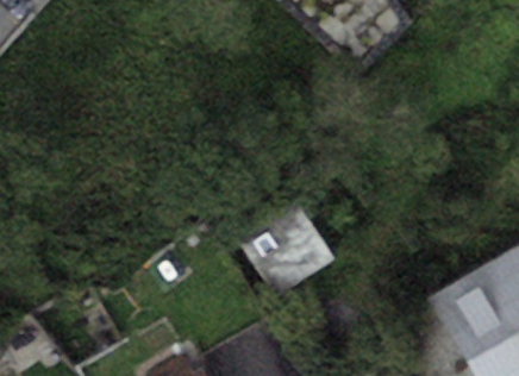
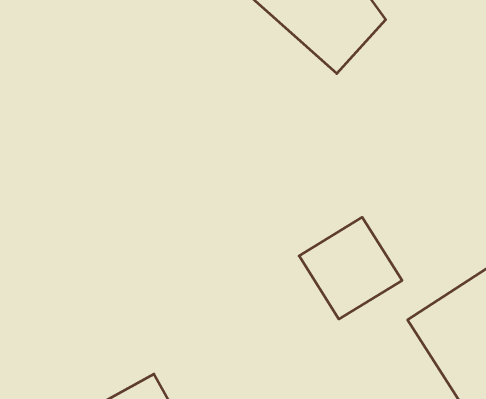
building: [238,214,333,308] -> [299,217,402,319]

